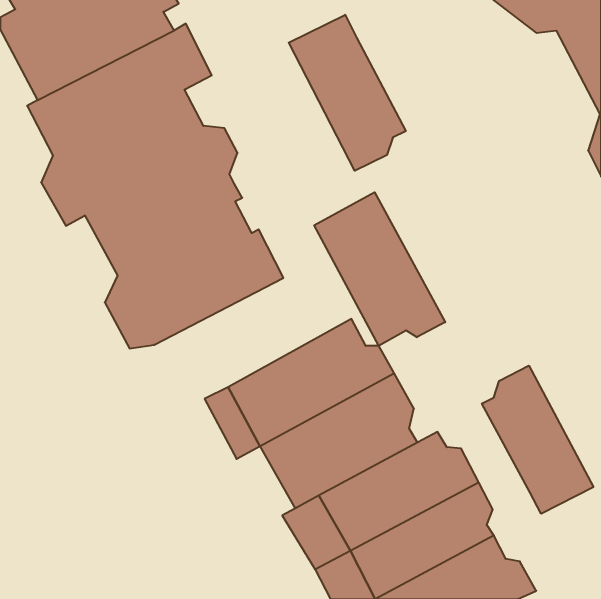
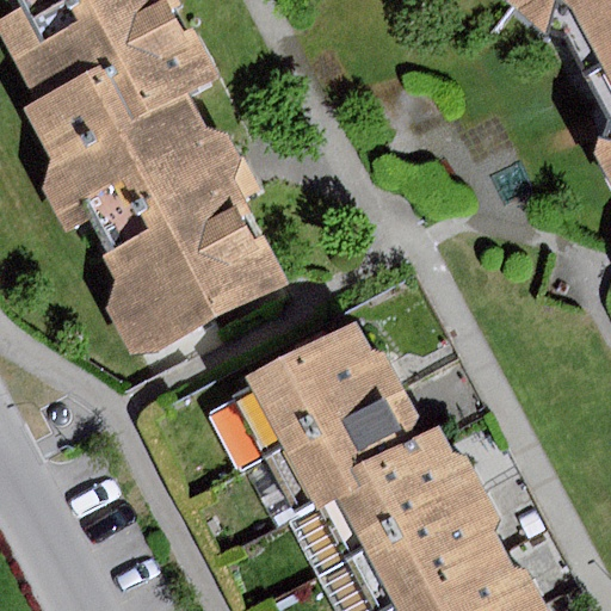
building: [289,15,406,171] -> none
building: [314,192,445,346] -> none
building: [482,366,593,514] -> none

